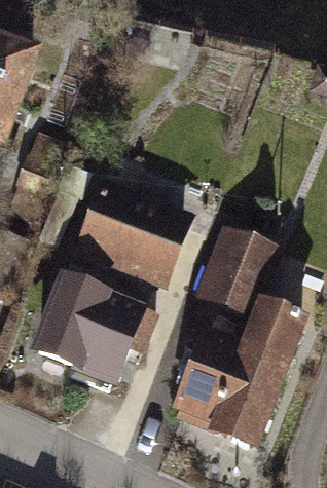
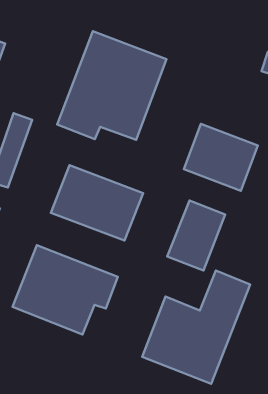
building: none -> [57,31,167,140]
building: none -> [184,124,258,191]

